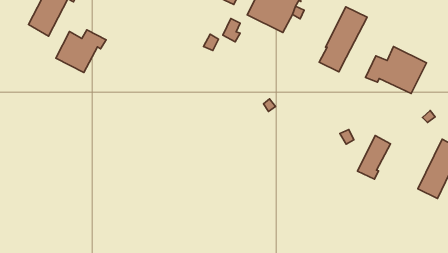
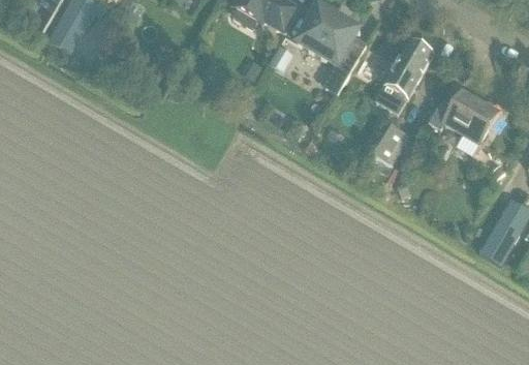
building: [56,30,106,73] -> none
building: [358,136,390,179] -> [369,124,408,174]

